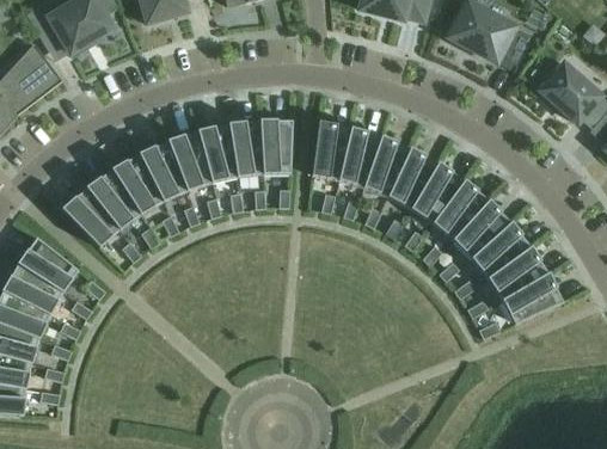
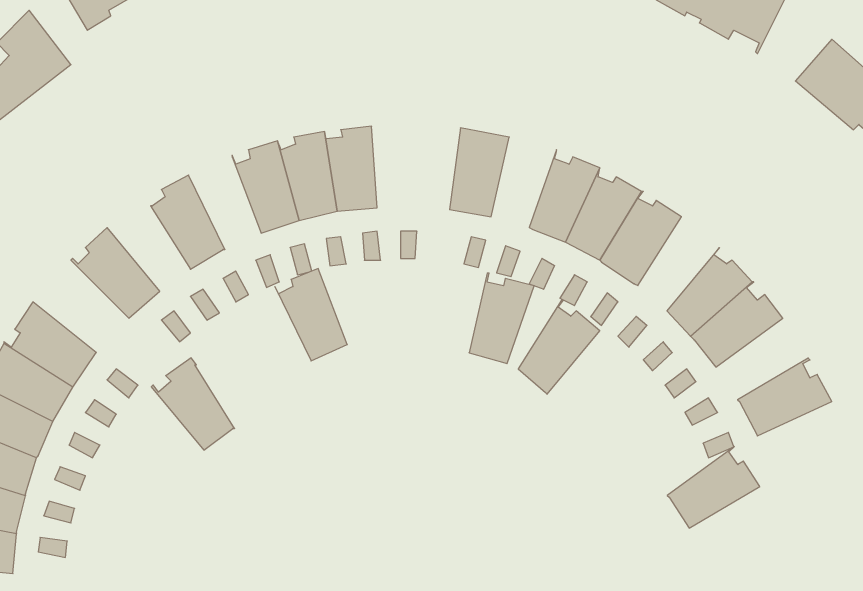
building: [259,118,292,173] -> none
building: [338,127,381,186] -> [469,273,534,364]
building: [139,140,186,201] -> [275,269,347,361]
building: [85,167,140,228] -> [151,358,235,450]
building: [435,179,489,241] -> [518,300,600,394]
building: [486,246,547,300] -> [667,447,760,528]

